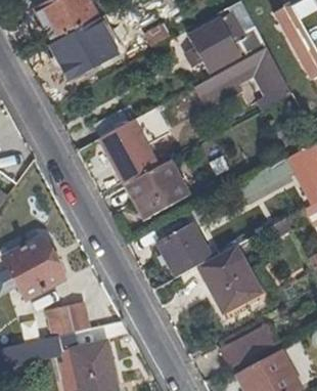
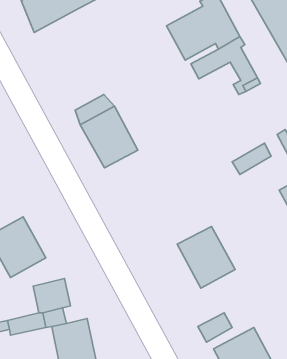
building: [50,16,116,76] -> none
building: [124,159,188,218] -> none
building: [158,222,212,275] -> none

